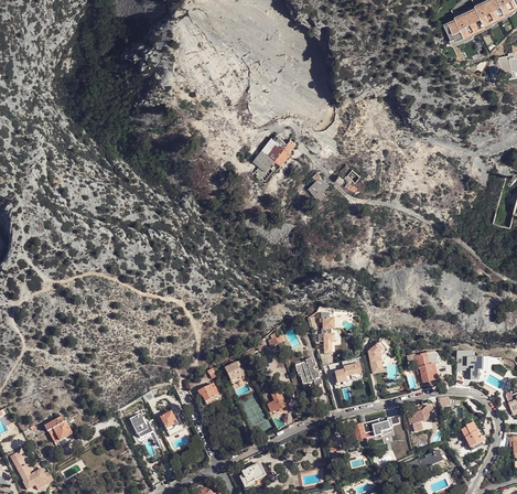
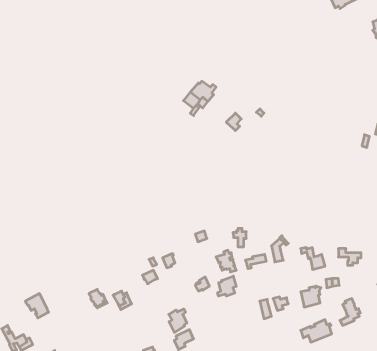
building: none -> [218,276,236,296]
building: none -> [169,309,187,332]

